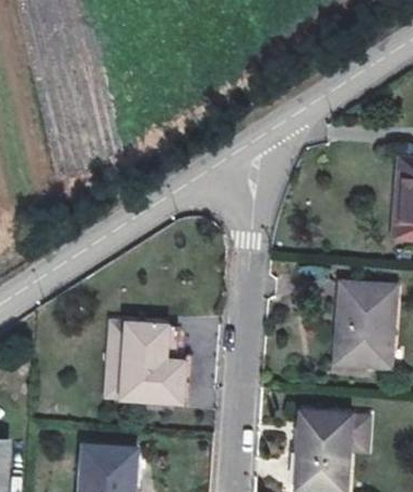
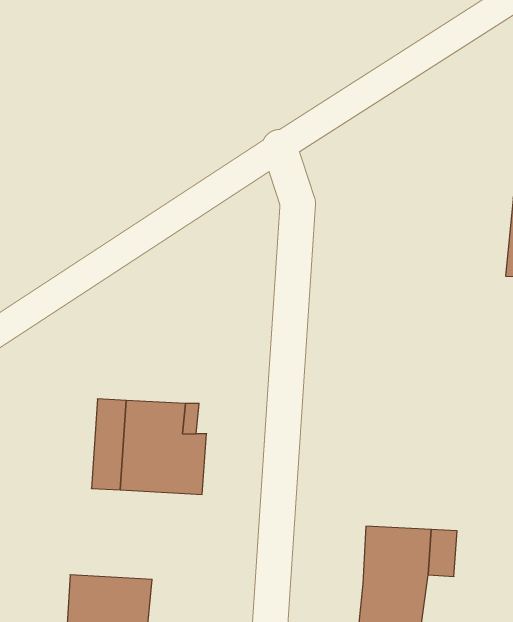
building: [337,287,393,368] -> none

